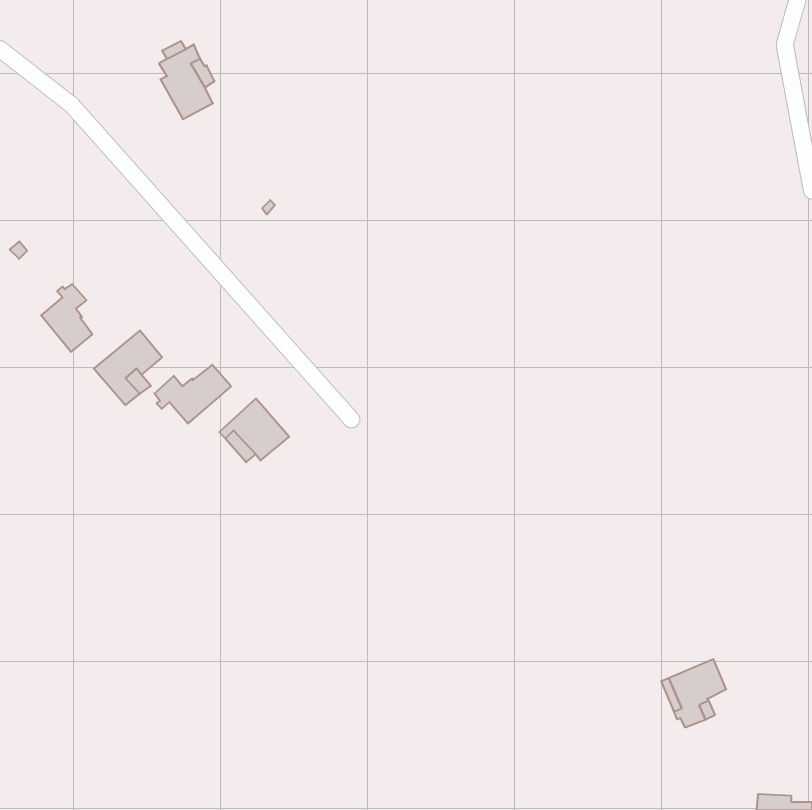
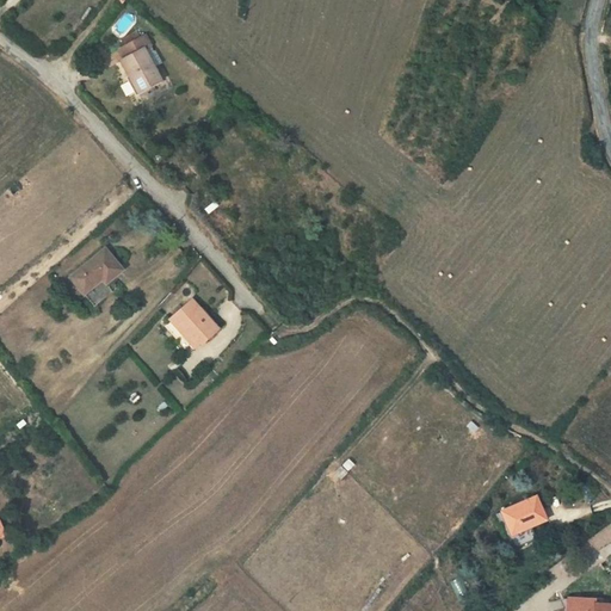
building: [41,284,92,352] -> none
building: [154,365,231,424] -> none

